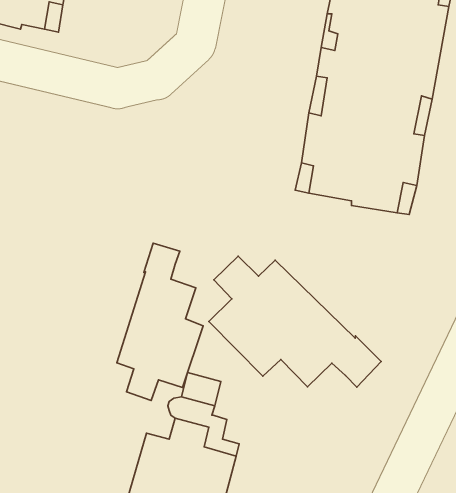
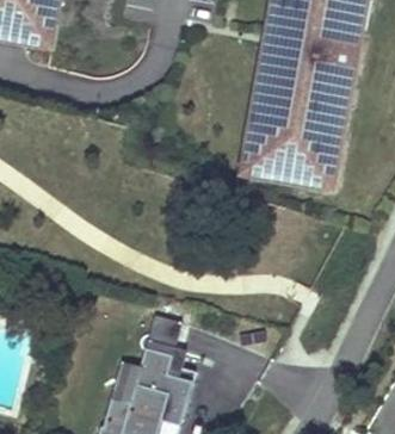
building: [117,243,203,401] -> none
building: [209,256,381,387] -> none

